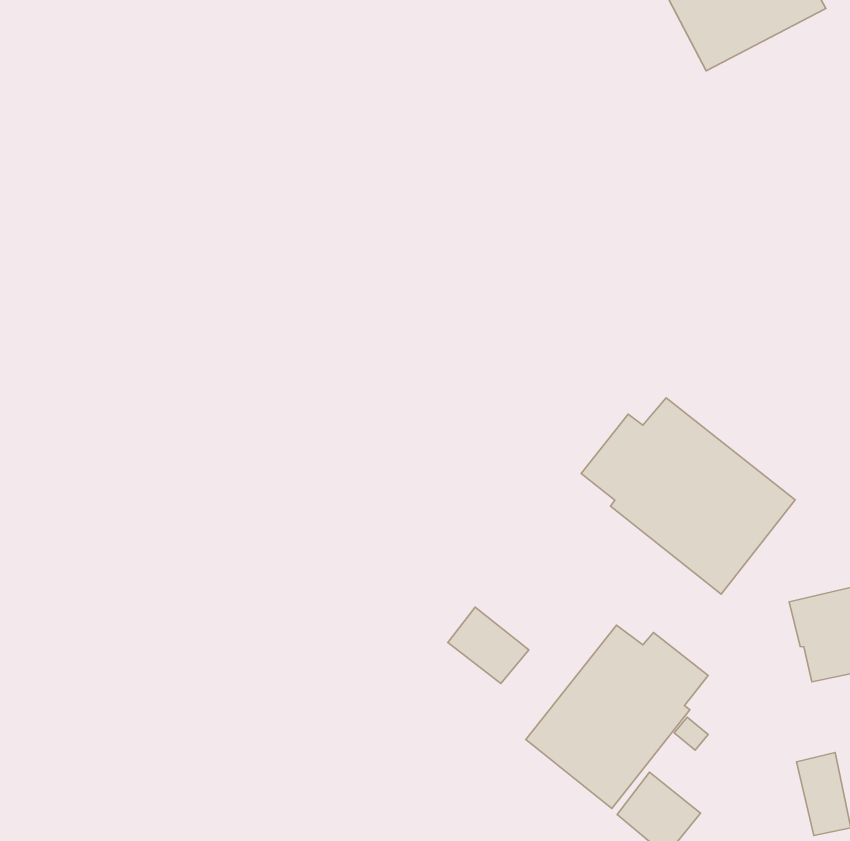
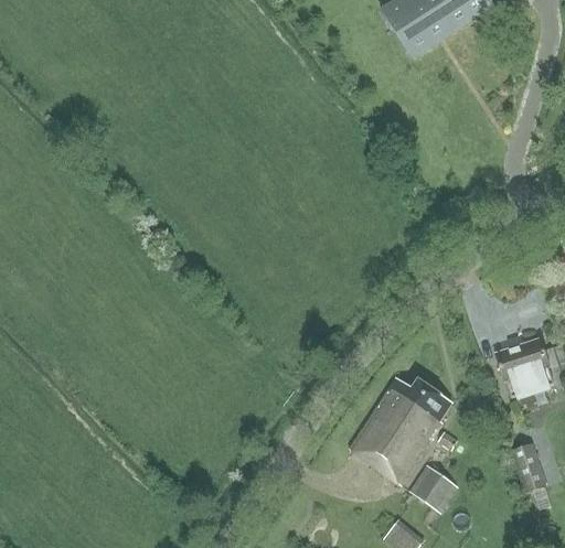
building: [581,398,795,594] -> none
building: [448,607,529,683] -> none

